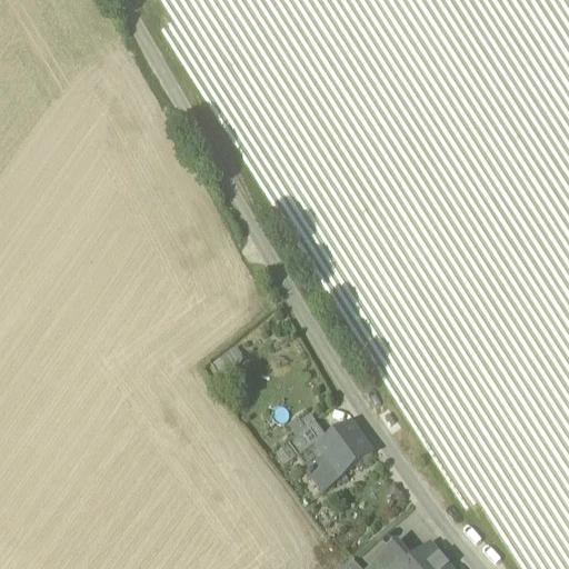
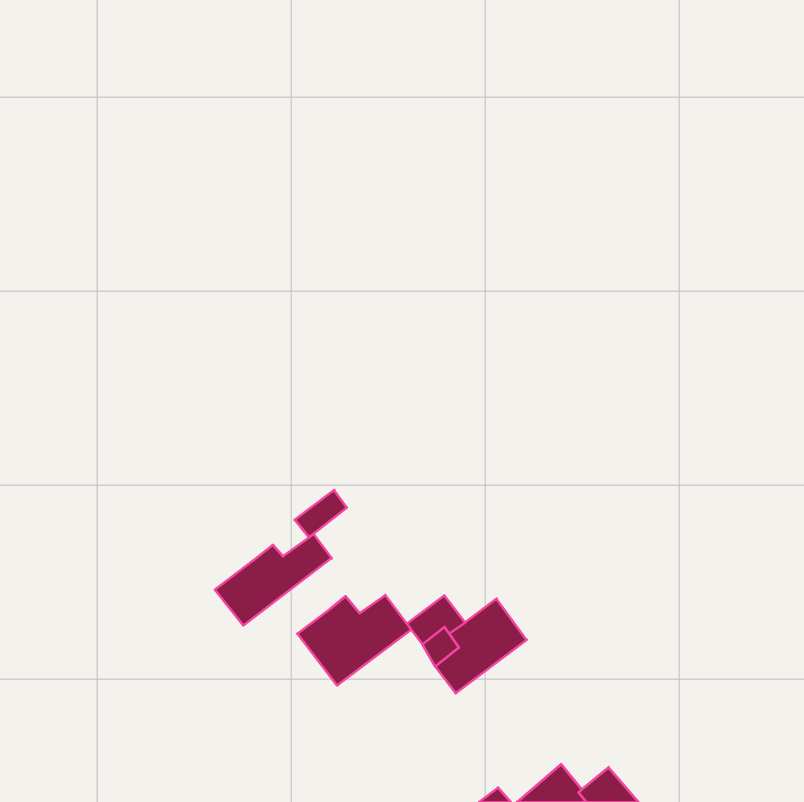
building: none -> [215,534,332,625]
building: none -> [297,595,411,685]

